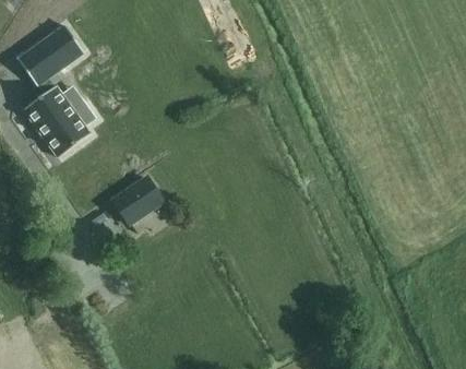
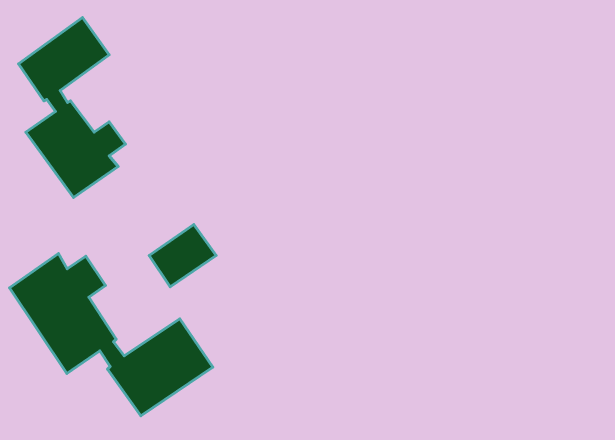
building: none -> [9,254,213,416]

